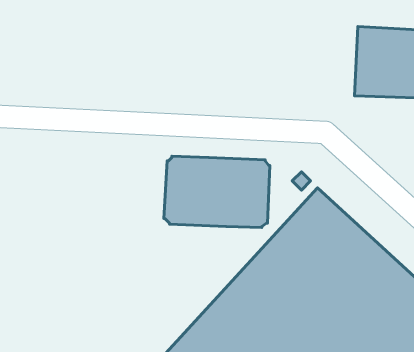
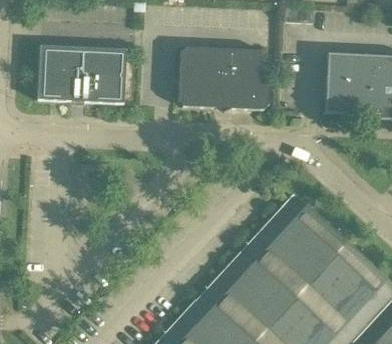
building: none -> [37,46,126,104]
building: [164,156,270,228] -> [177,48,270,110]

